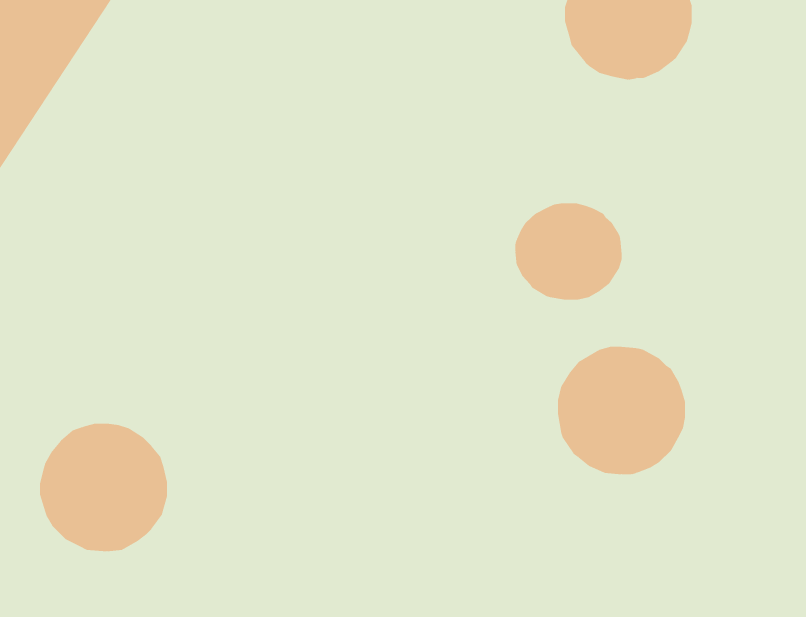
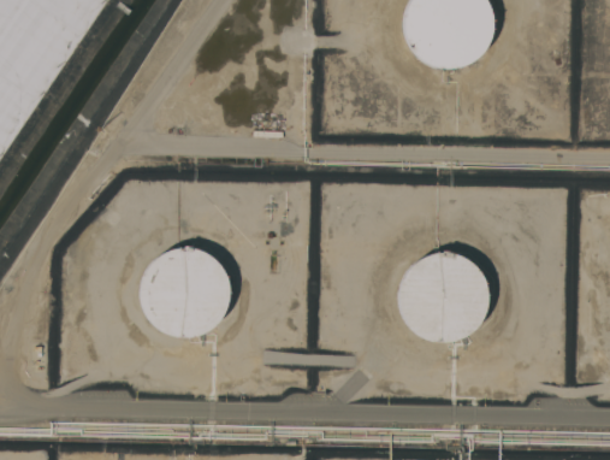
building: [515,203,622,300] -> none
building: [39,423,168,552] -> [141,248,230,337]

